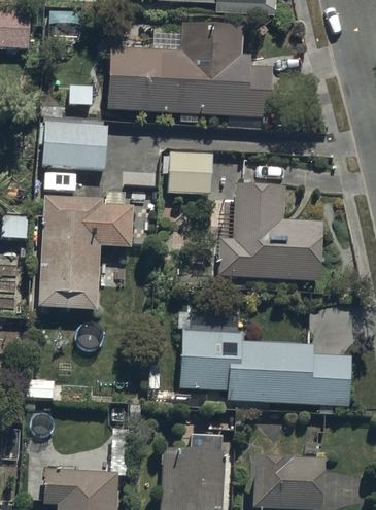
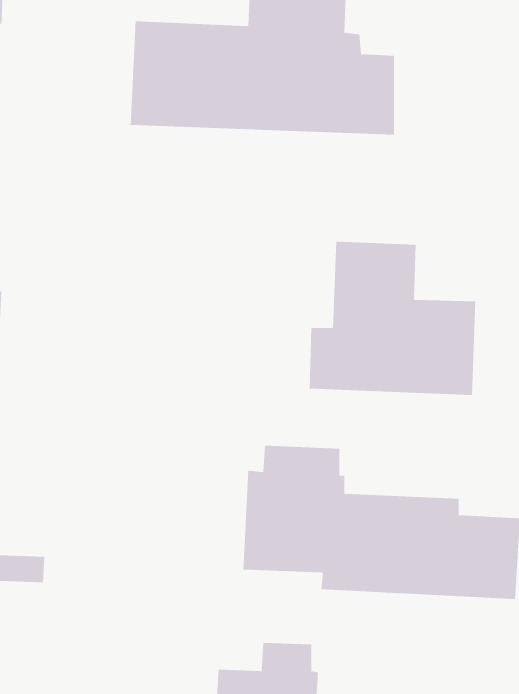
building: [43,121,108,166] -> none
building: [163,147,212,193] -> none
building: [38,196,133,311] -> none

